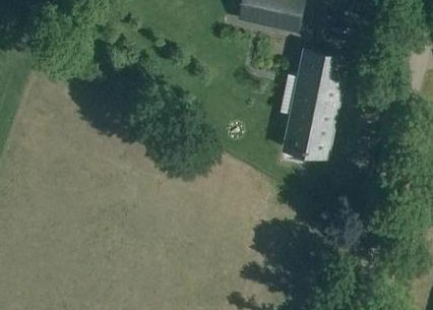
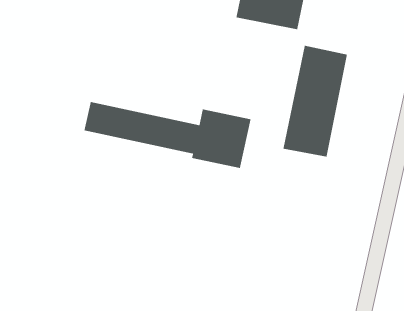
building: none -> [83,101,252,169]

